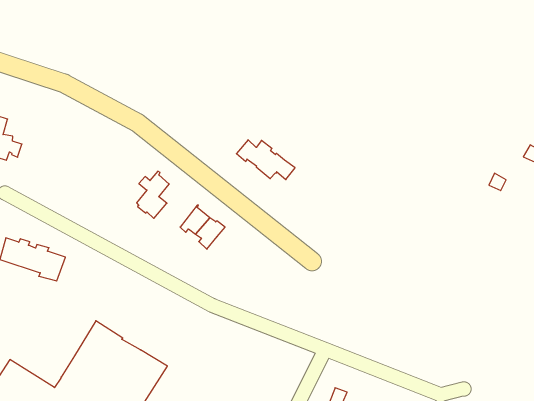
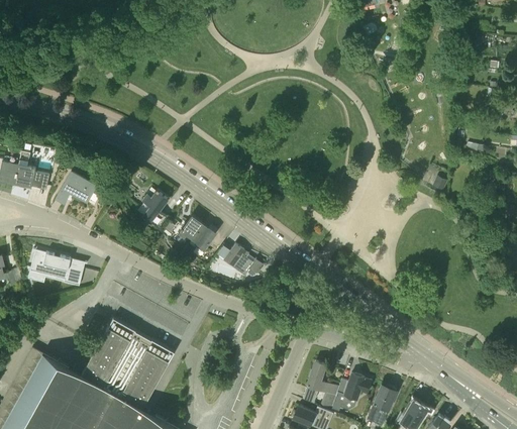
building: [236,140,295,180] -> [215,244,265,276]
building: none -> [57,171,97,202]

